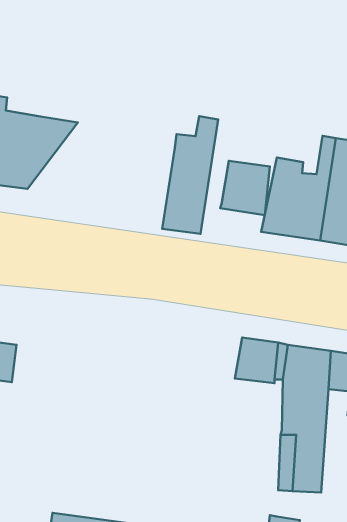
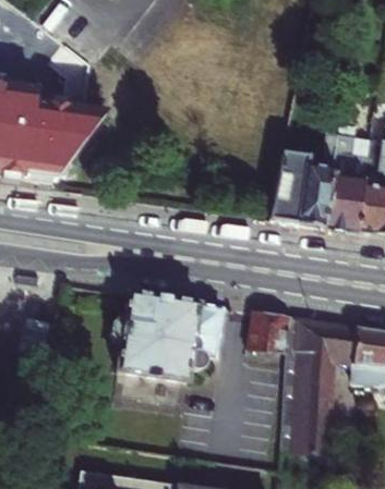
building: [162,116,218,234] -> none
building: [220,161,270,215] -> none
building: none -> [110,292,222,381]

